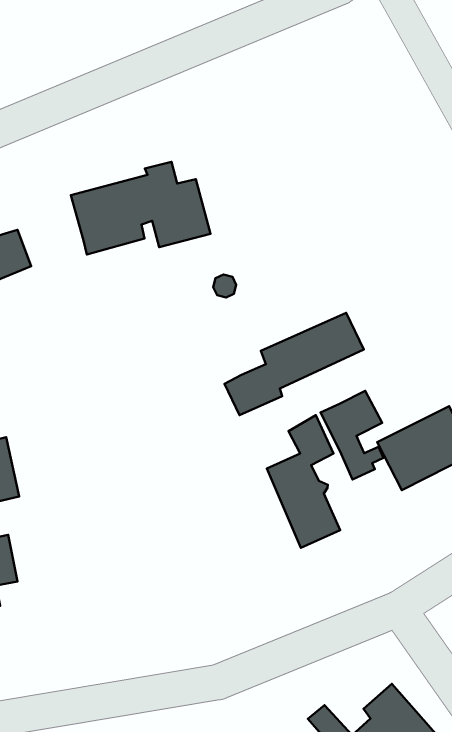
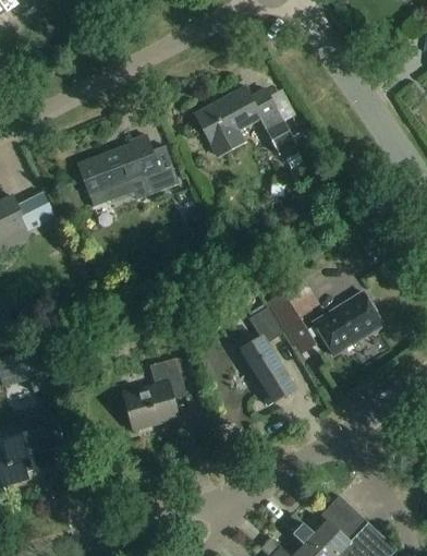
building: none -> [195,87,300,158]
building: [225,313,364,415] -> none
building: none -> [124,358,185,433]

